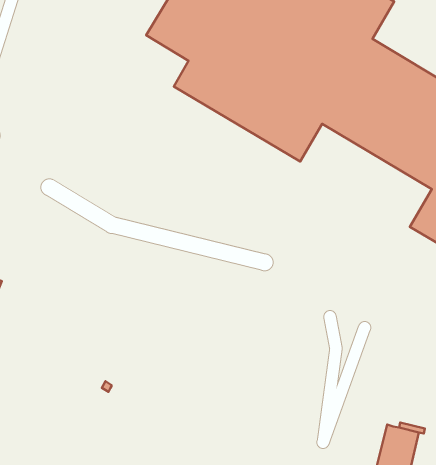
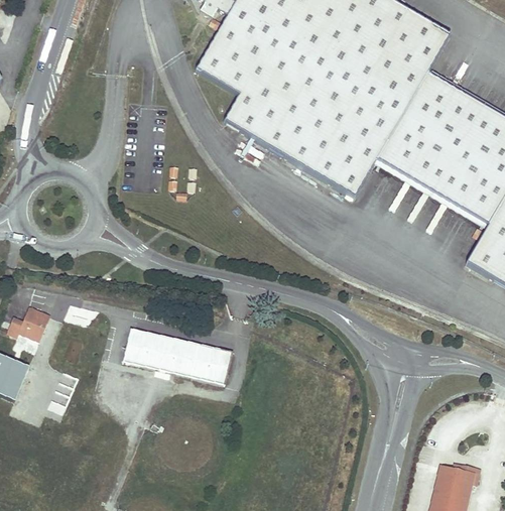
building: none -> [123,329,232,382]

